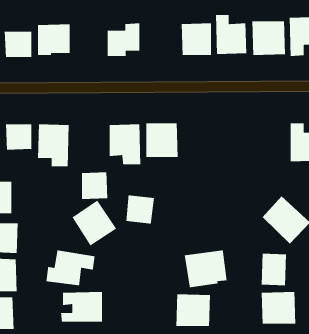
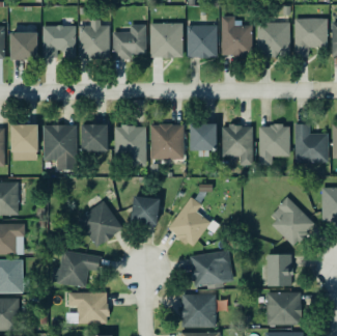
building: none -> [78,19,109,56]
building: none -> [149,23,182,57]
building: none -> [190,123,217,150]
building: none -> [222,124,253,163]
building: none -> [258,124,289,164]
building: [81,172,108,200] -> [81,123,108,151]
building: none -> [167,196,209,246]

